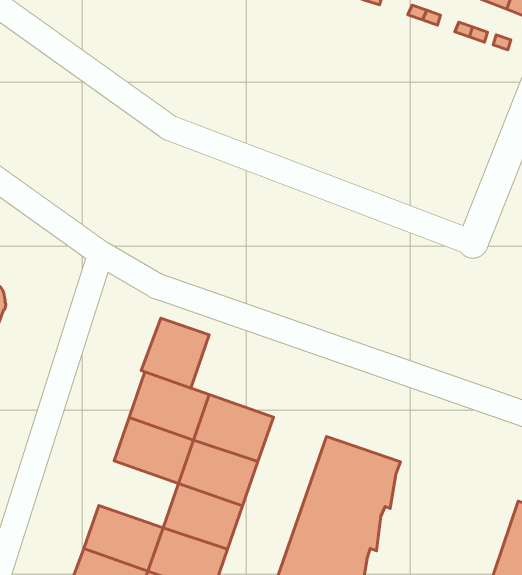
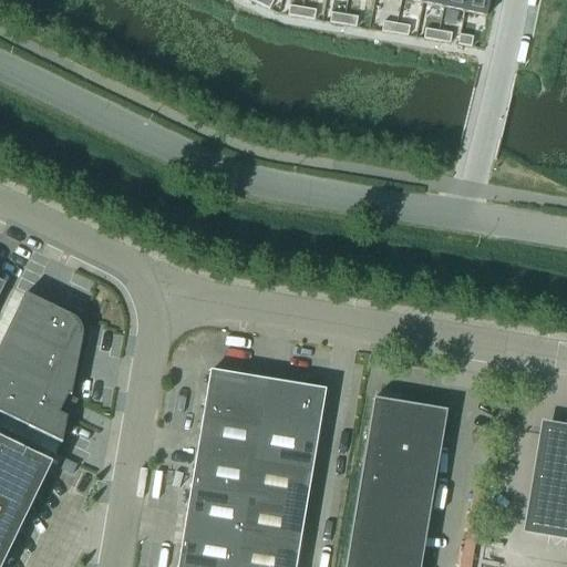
building: [141,318,209,388] -> none
building: none -> [190,449,255,498]

